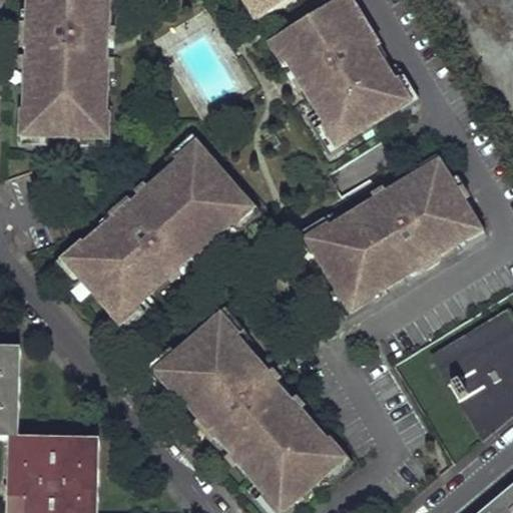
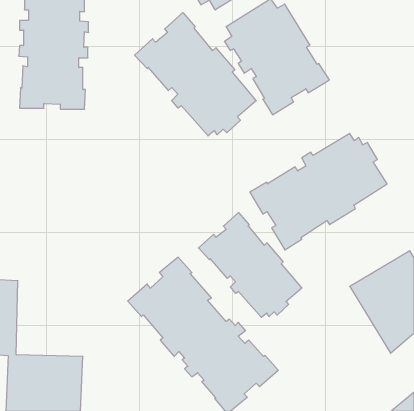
building: none -> [135,13,256,136]
building: [69,144,249,316] -> none
building: none -> [198,213,302,317]

